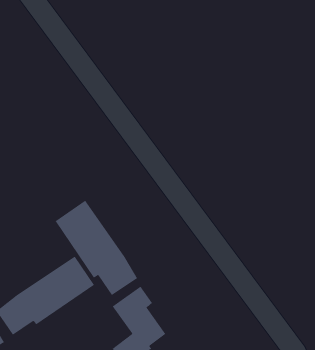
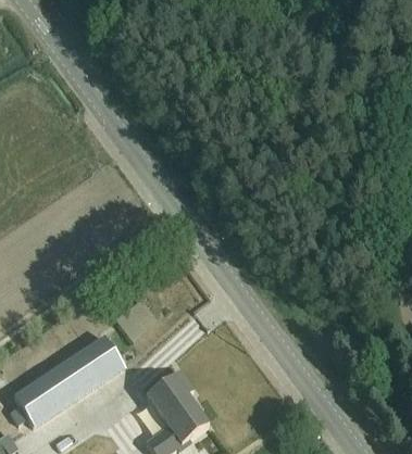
building: [55,200,138,296] -> none

